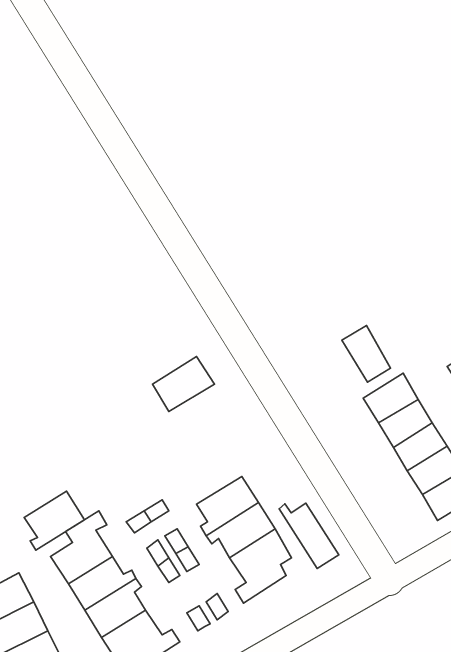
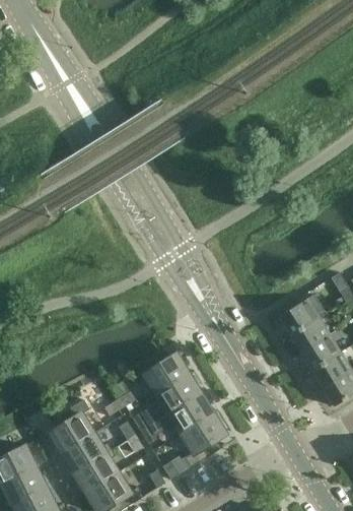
building: [342,326,390,382] -> none
building: [152,356,214,412] -> [144,354,190,394]
building: [24,491,84,550] -> none
building: [279,503,339,568] -> none

